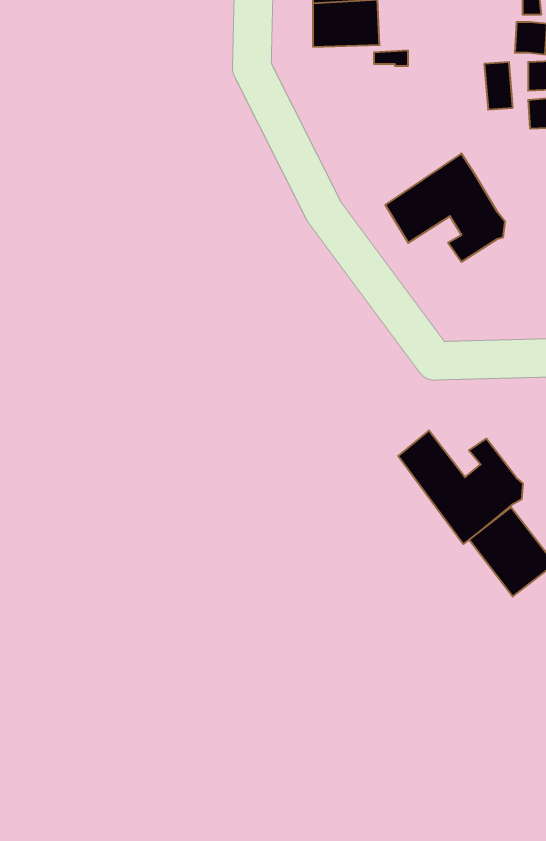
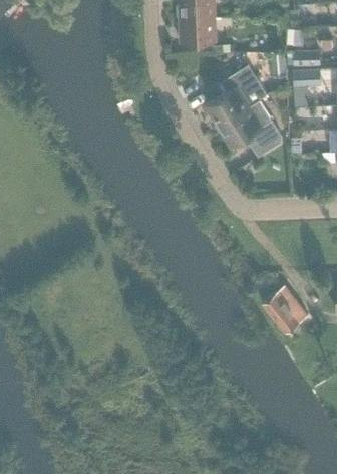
building: none -> [206,67,267,128]
building: [398,430,523,544] -> none

